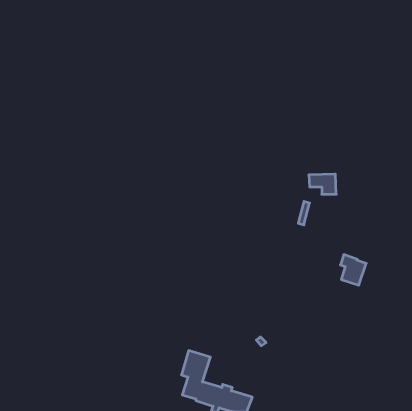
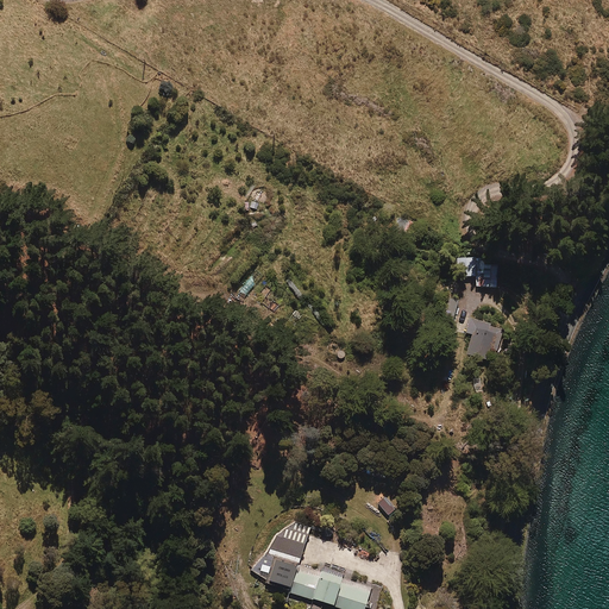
building: [340,255,366,285] -> [464,318,502,363]

